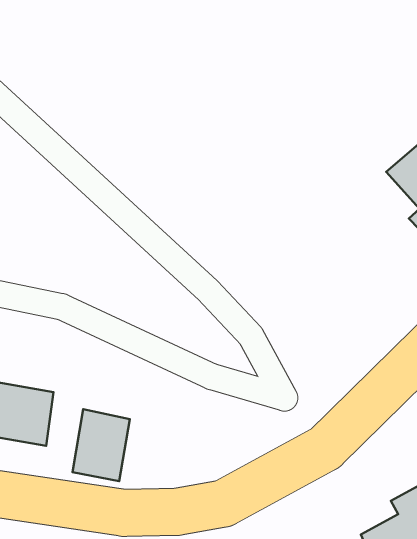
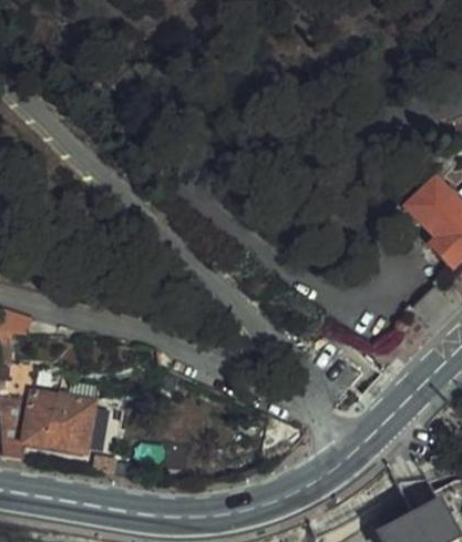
building: [72,409,130,481] -> none

